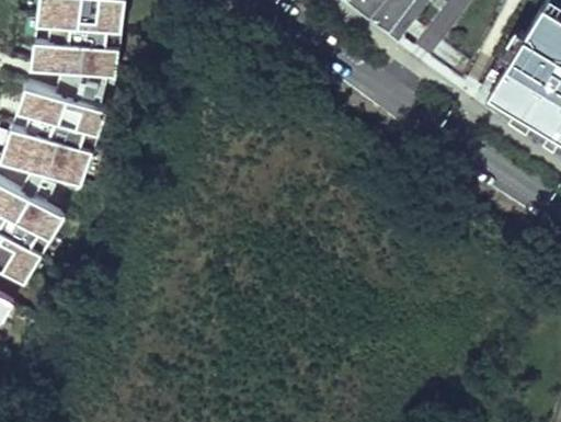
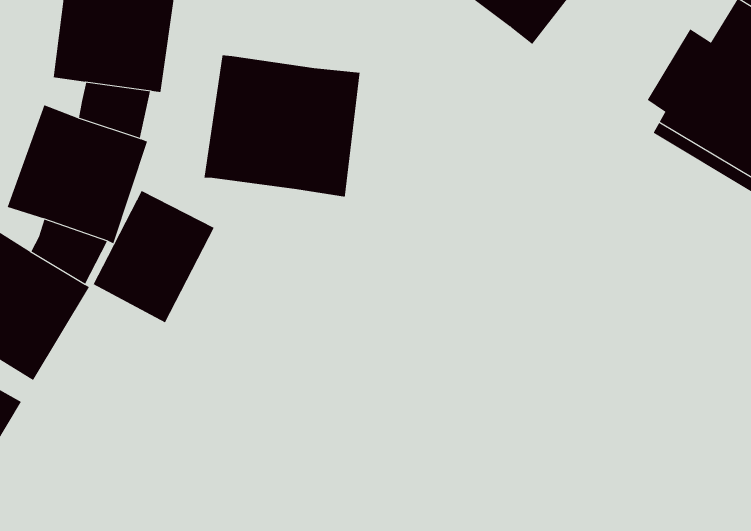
building: none -> [204,55,360,198]
building: none -> [93,190,215,323]

